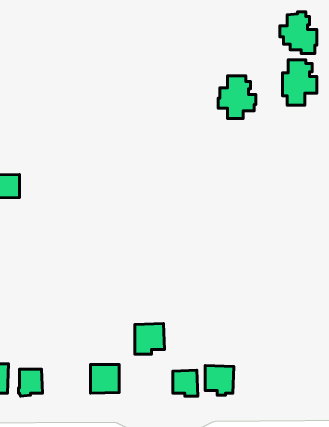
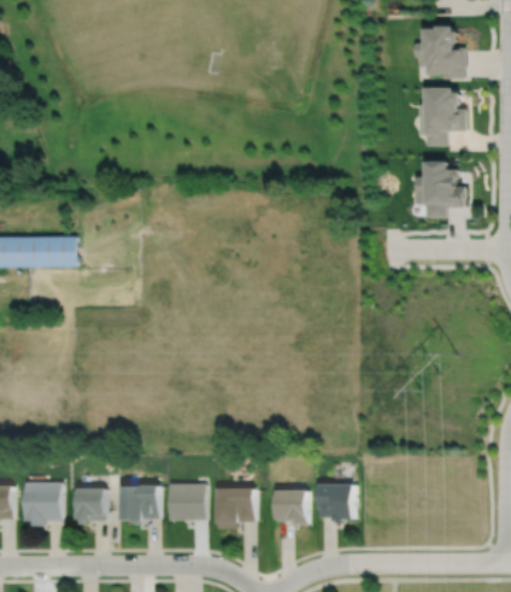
building: [218,76,256,118] -> [415,160,464,216]
building: [135,324,164,354] -> [217,488,256,528]
building: none -> [121,486,159,524]

